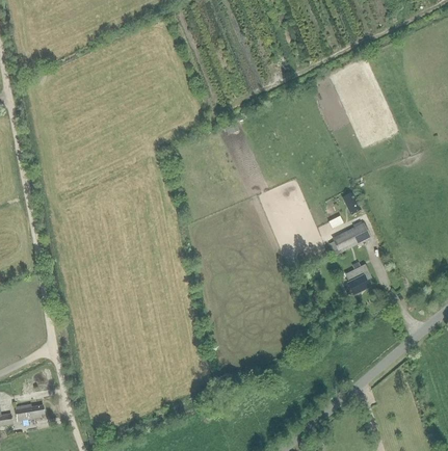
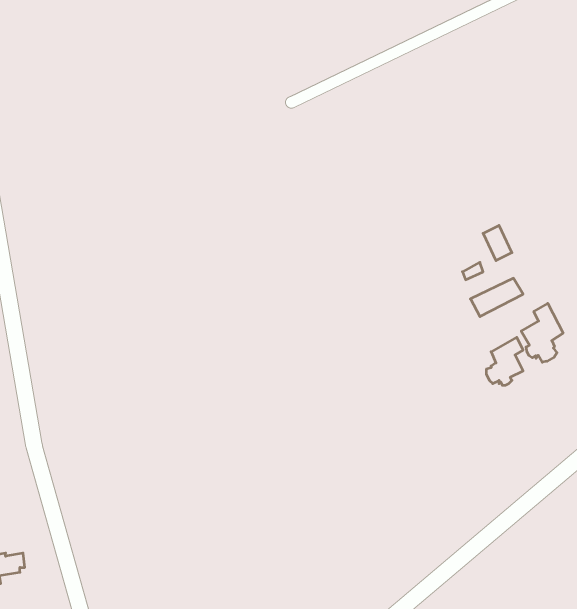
building: none -> [521,303,563,362]

